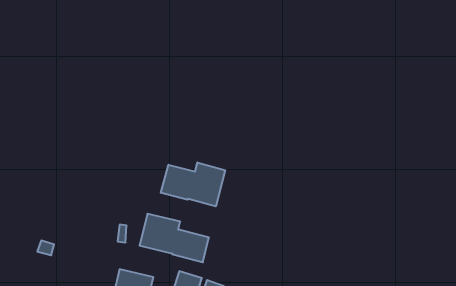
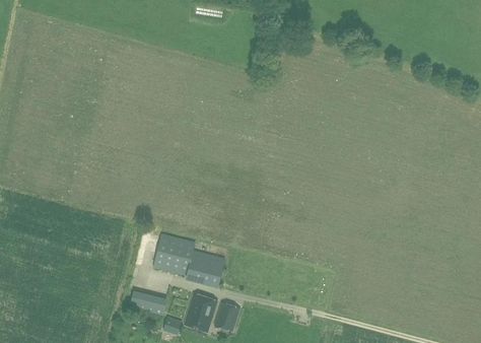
building: [161,162,225,206] -> none

